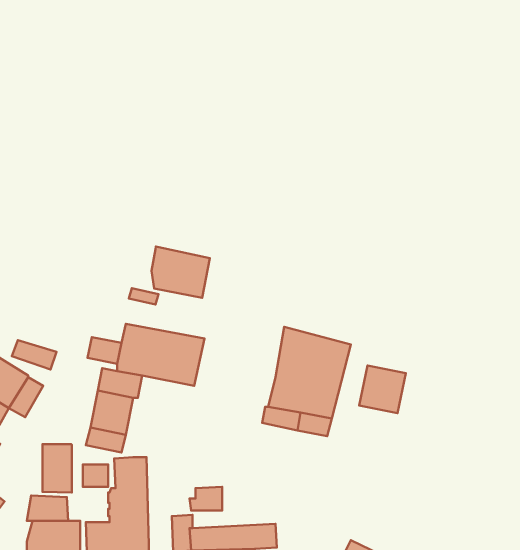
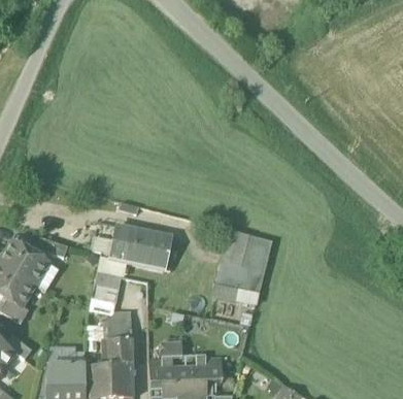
building: [151,247,210,298] -> none
building: [359,366,406,413] -> none
building: [43,444,72,493] -> none

